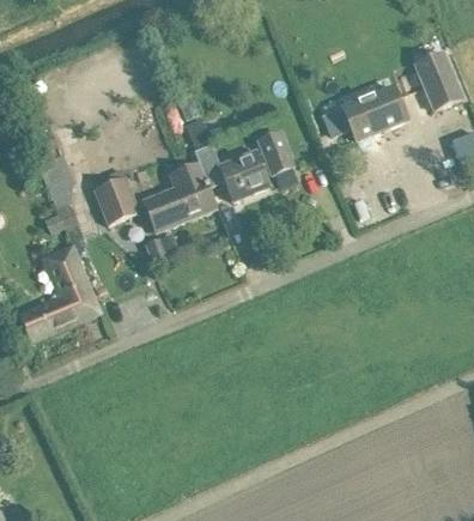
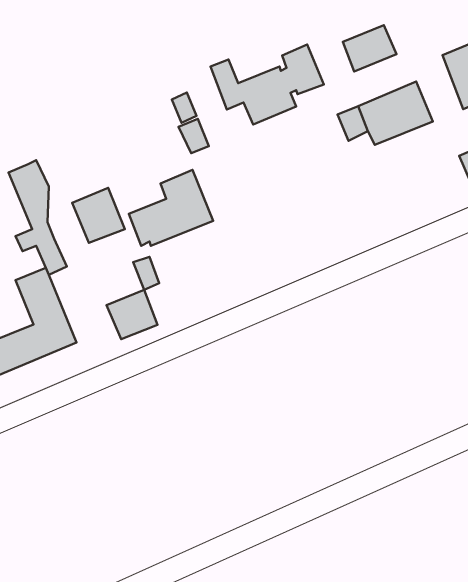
building: none -> [343,25,396,72]
building: [195,131,293,200] -> [210,44,324,125]
building: none -> [107,290,158,339]

